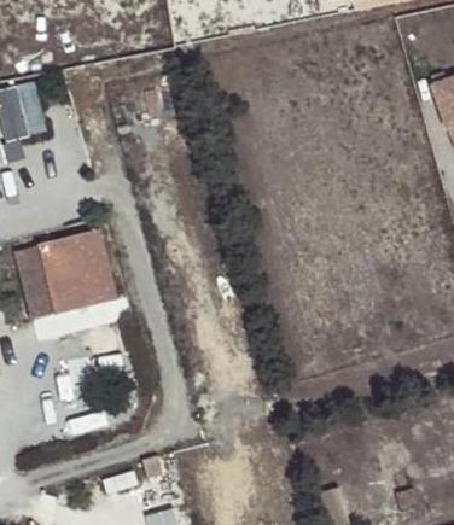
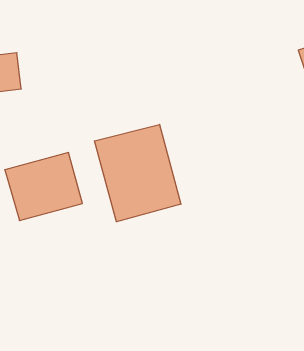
building: none -> [94,124,181,222]

